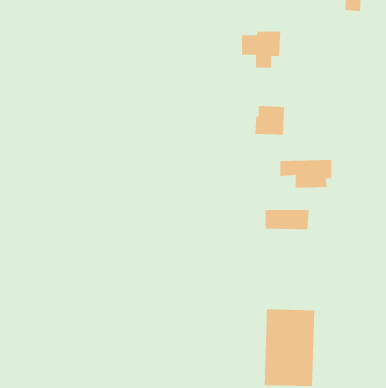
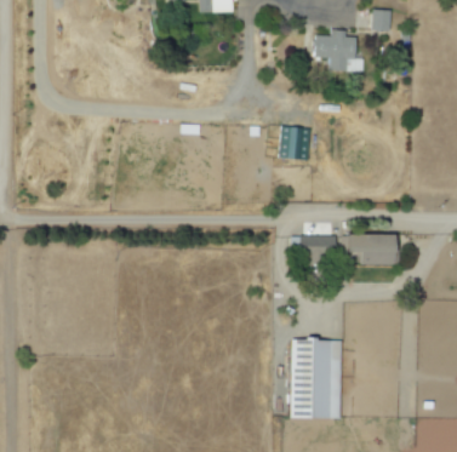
building: [241,31,281,68] -> [315,32,356,70]
building: [280,159,332,189] -> [344,234,399,264]

